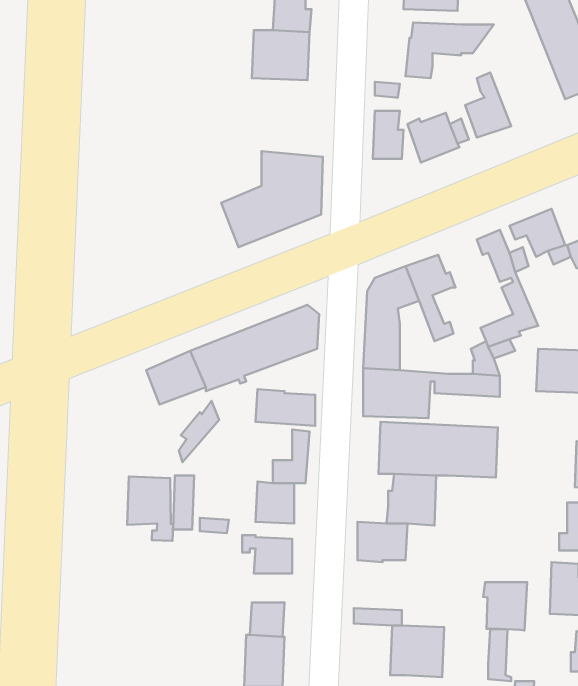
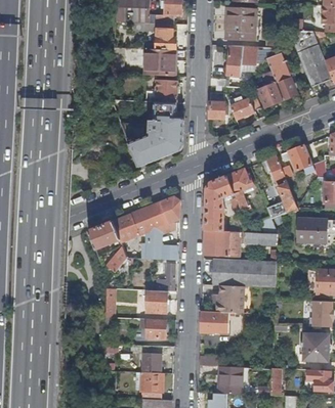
building: none -> [265,52,297,100]
building: none -> [156,81,177,102]
building: [127,477,173,541] -> none
building: [483,582,527,631] -> none

